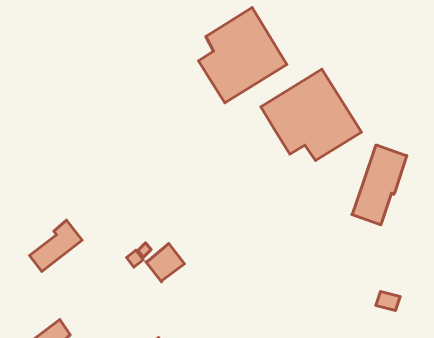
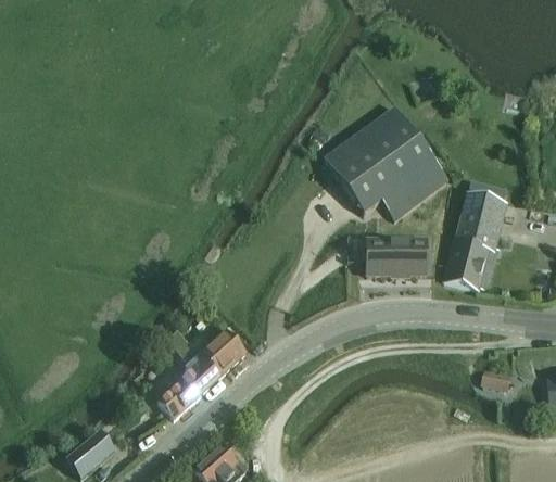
building: [199,7,287,103] -> none
building: none -> [366,236,428,275]
building: [30,220,82,272] -> [160,353,222,417]

